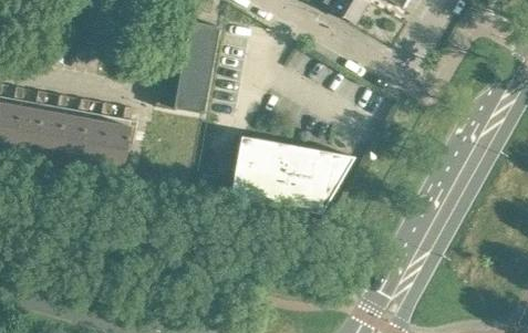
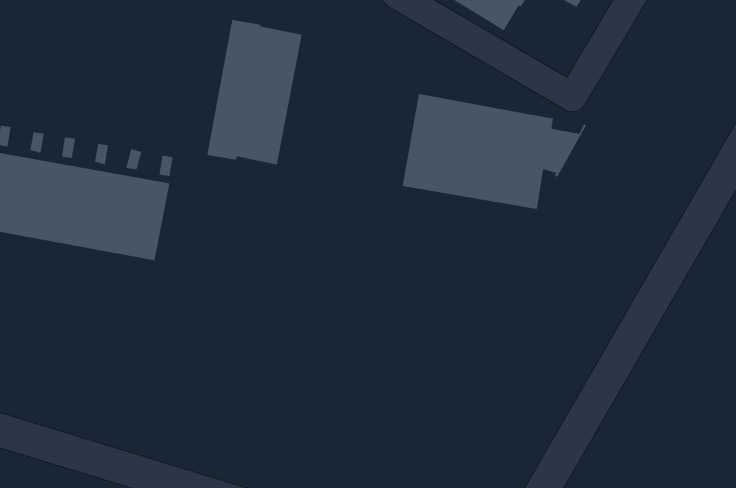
building: [231,133,355,210] -> [402,94,587,209]

